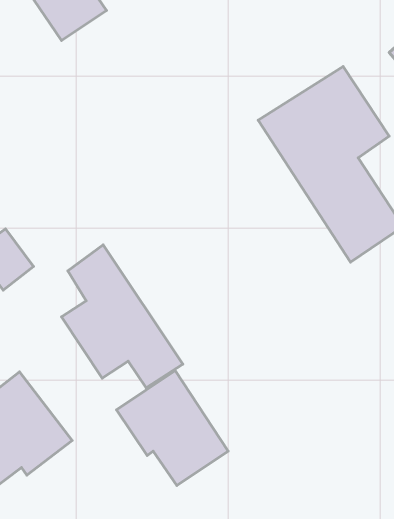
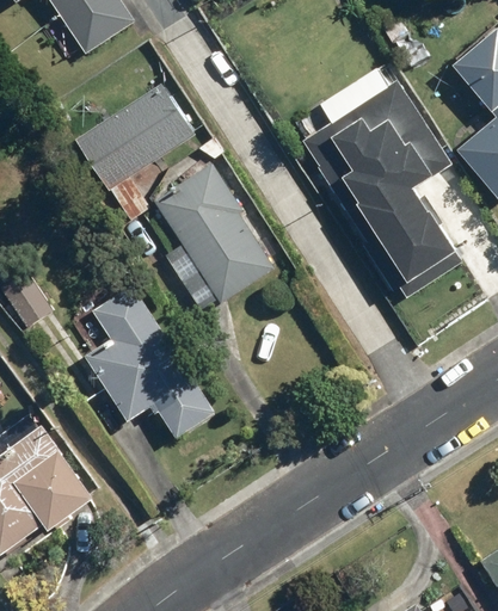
building: none -> [75,79,196,191]
building: none -> [155,162,277,313]
building: [117,371,228,486] -> none

